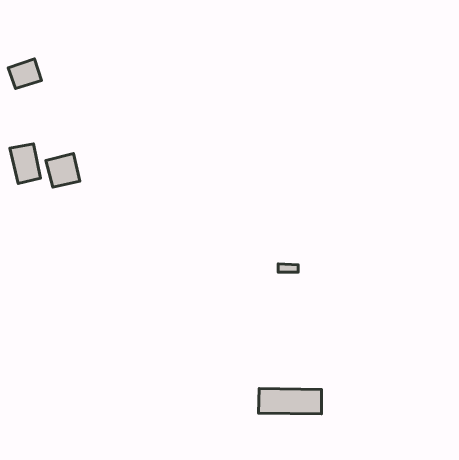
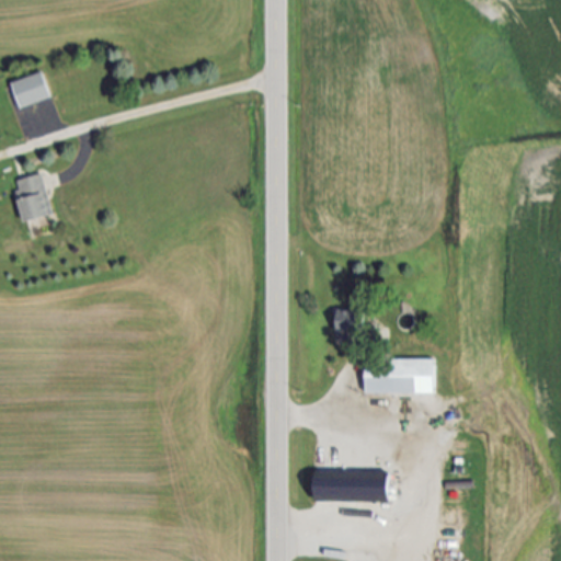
building: [46,153,80,187] -> none
building: none -> [364,358,434,399]

